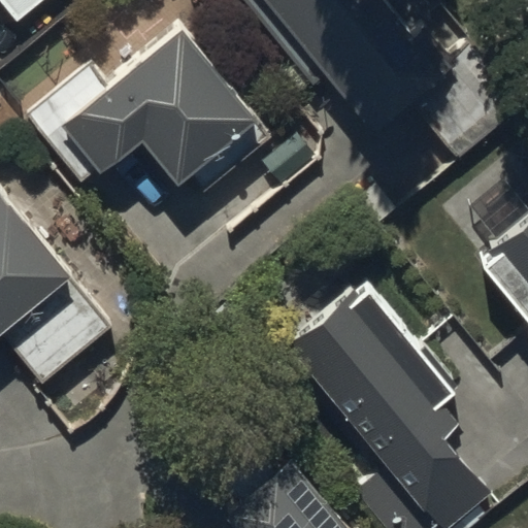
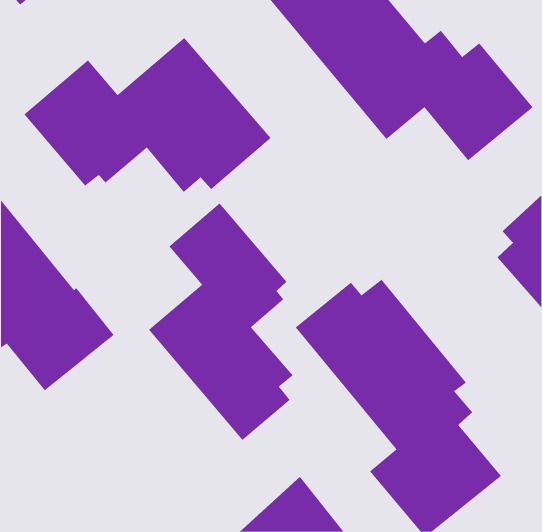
building: none -> [148,203,293,441]

